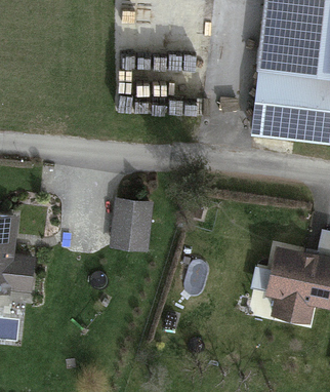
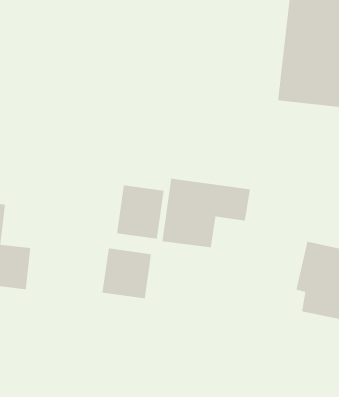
building: none -> [162,178,251,248]
building: none -> [102,248,152,299]

